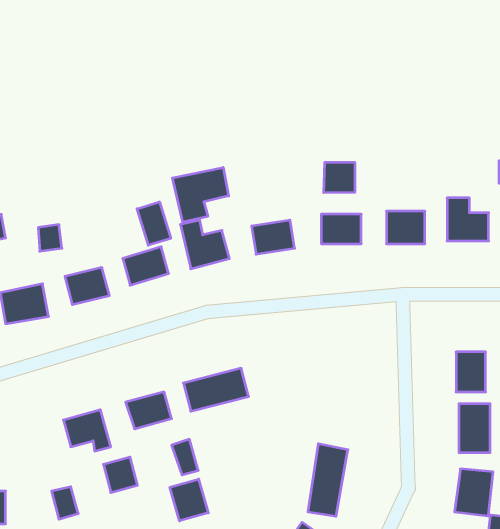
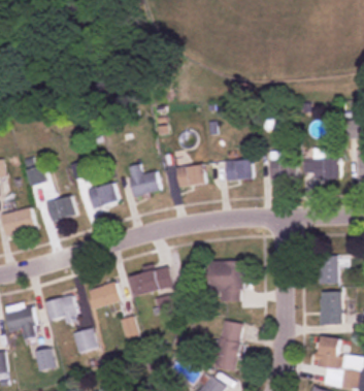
building: [324,162,355,193] -> none
building: [172,167,229,222] -> none
building: [137,202,171,245] -> none
building: none -> [208,260,241,301]
building: none -> [5,305,35,338]
building: [170,479,208,521] -> none

